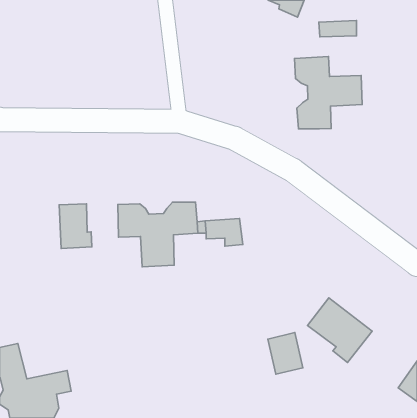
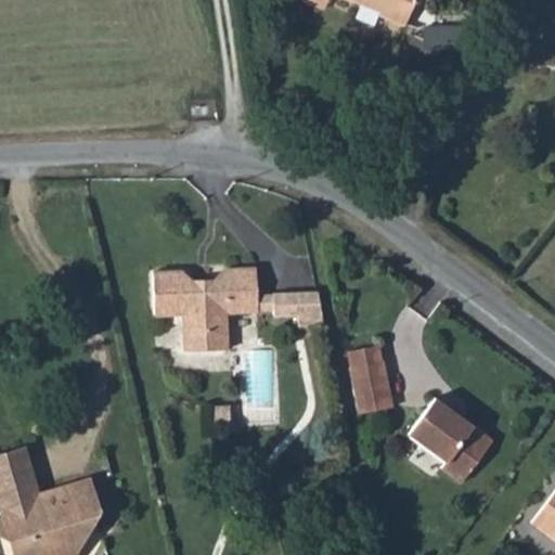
building: [295,56,362,129] -> none
building: [59,204,92,248] -> none
building: [268,333,303,374] -> [349,356,396,411]

